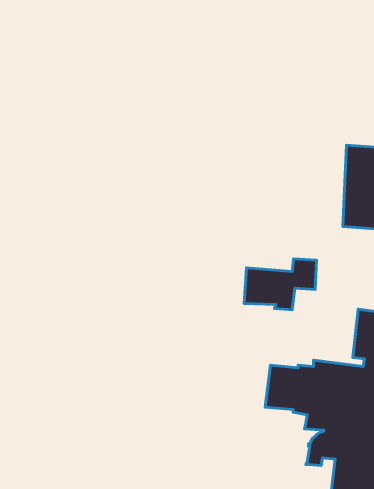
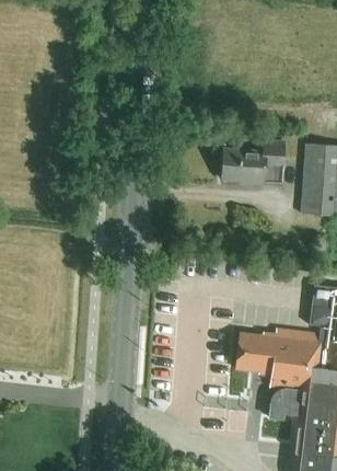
building: [244,259,316,310] -> [223,141,286,185]

